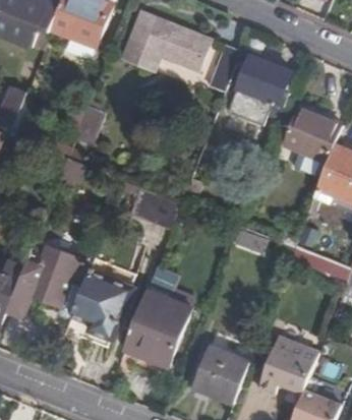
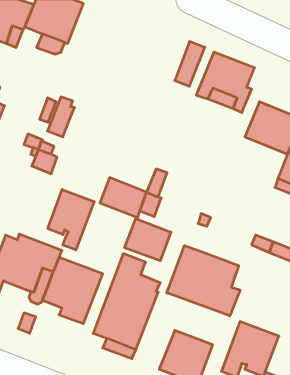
building: [122,11,211,70] -> none
building: none -> [48,189,94,250]
building: none -> [125,219,171,261]
building: none -> [167,246,240,316]

